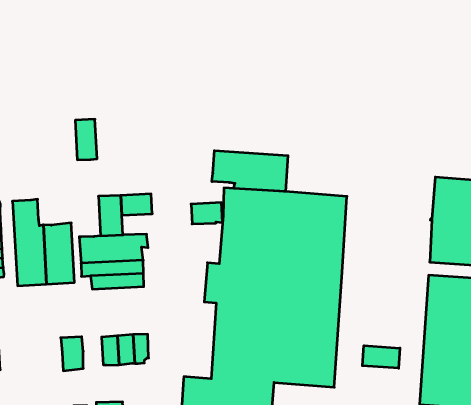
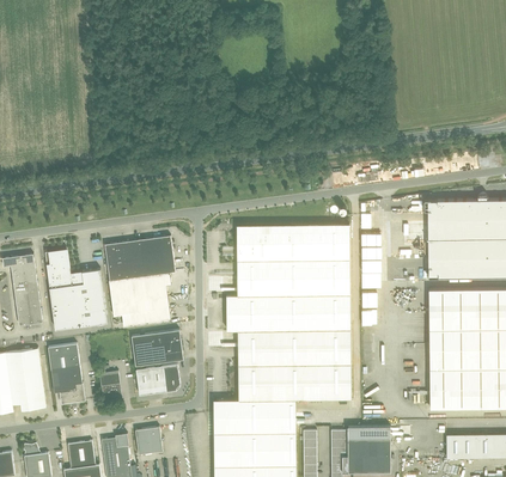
building: [75,119,97,160] -> [104,243,127,281]
building: [212,151,288,191] -> none
building: [191,203,222,224] -> [145,255,175,276]
building: none -> [130,330,183,367]
building: none -> [48,344,85,405]
building: [362,346,400,368] -> none

